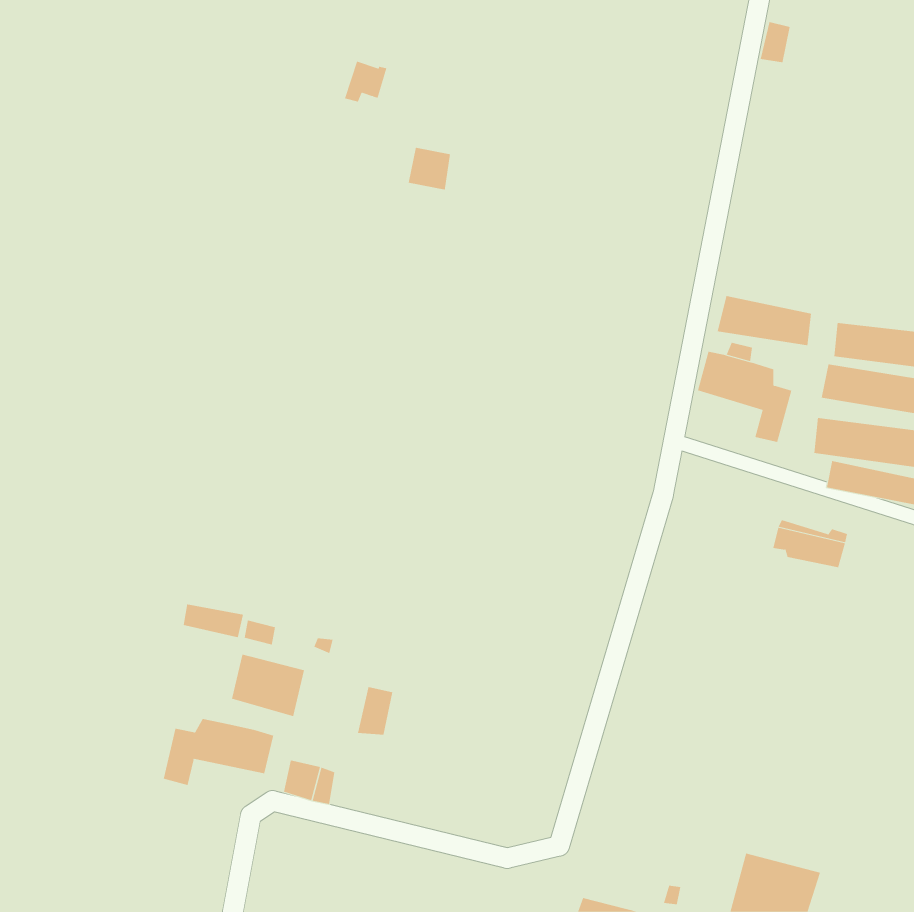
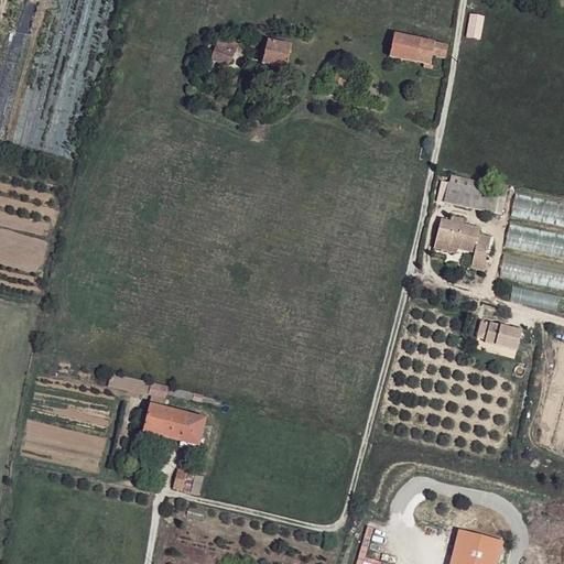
building: none -> [392,34,451,68]
building: [408,147,451,190] -> [264,41,291,67]
building: [357,687,393,735] -> [182,412,204,442]
building: [163,718,274,786] -> none

